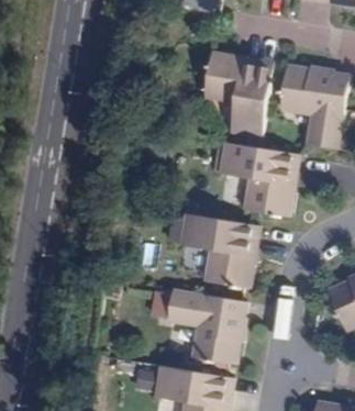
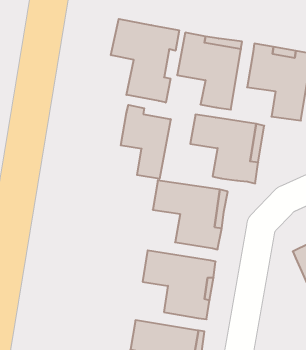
building: none -> [111,19,179,103]
building: none -> [121,105,171,179]

